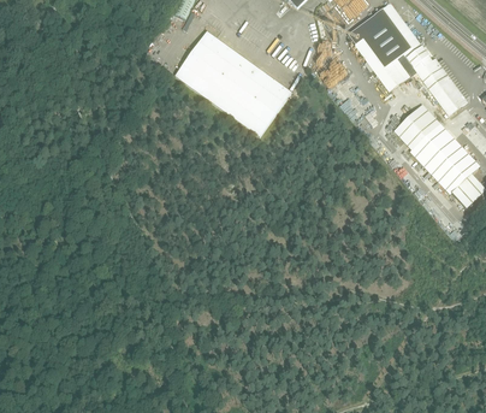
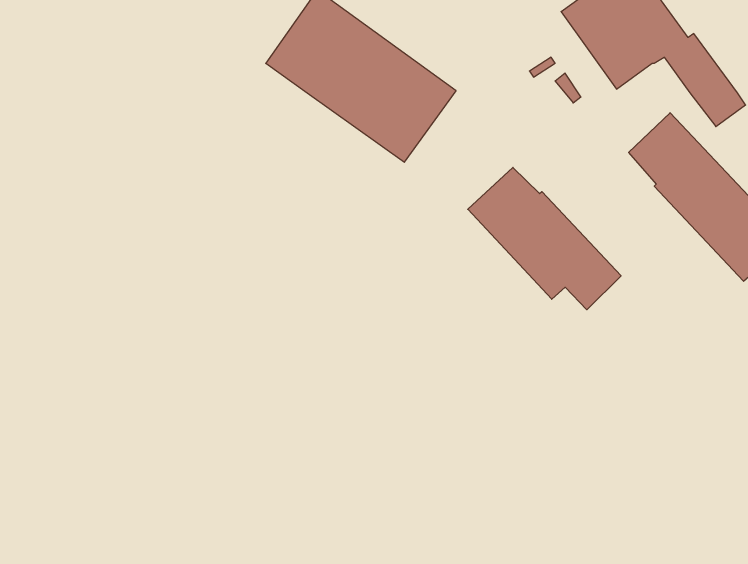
building: none -> [468,167,621,310]

